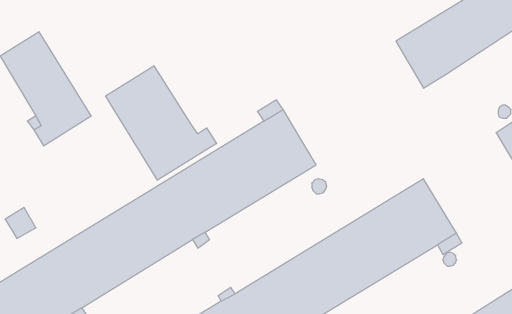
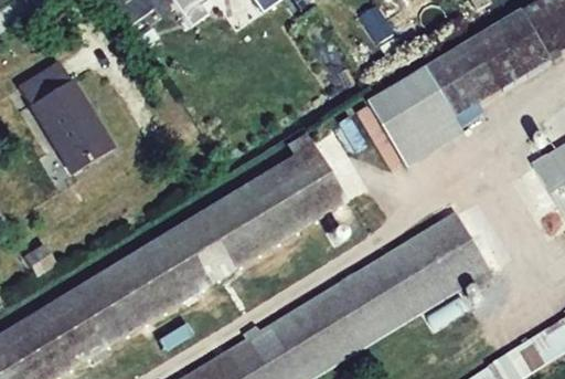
building: none -> [369,70,484,167]
building: [105,66,217,180] -> none

